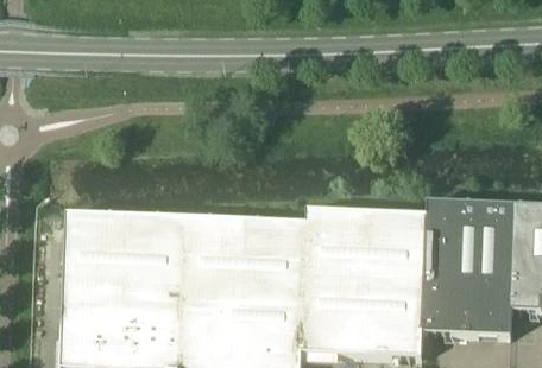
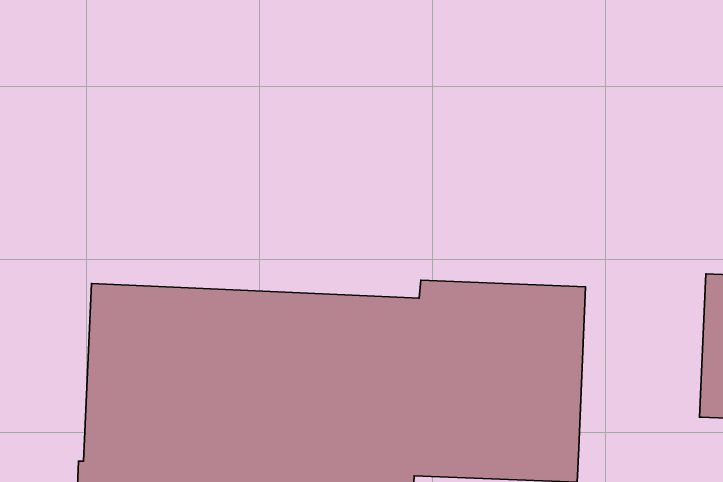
building: [423,198,516,332] -> none

